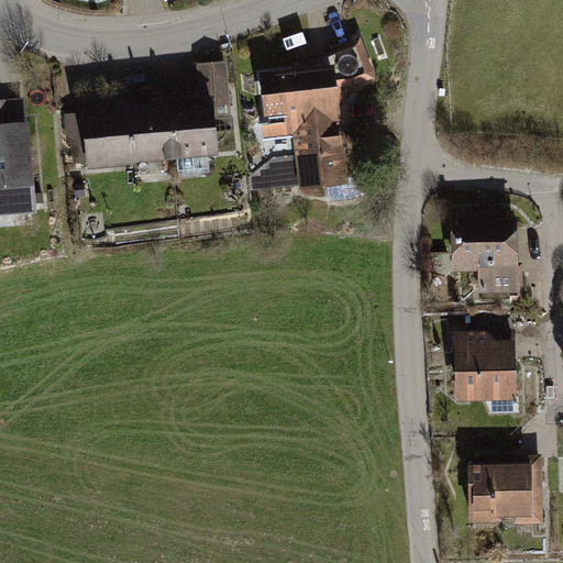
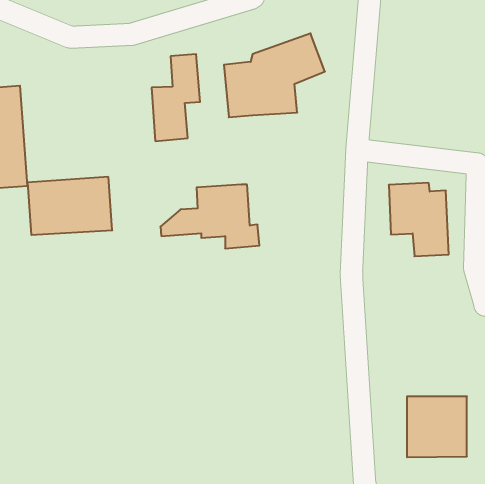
building: [81,101,179,168] -> [27,177,112,235]
building: [250,130,364,203] -> [160,185,259,248]
building: [453,328,516,400] -> none

